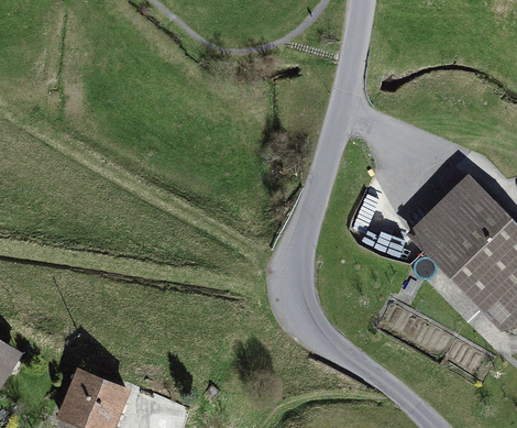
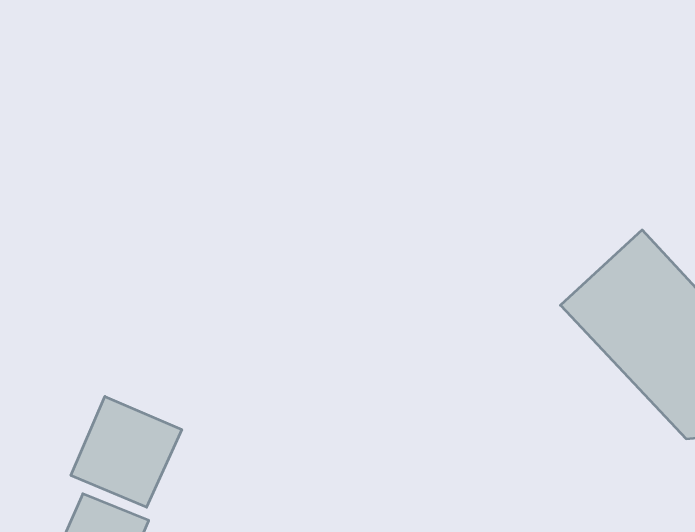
building: none -> [71,396,182,507]

